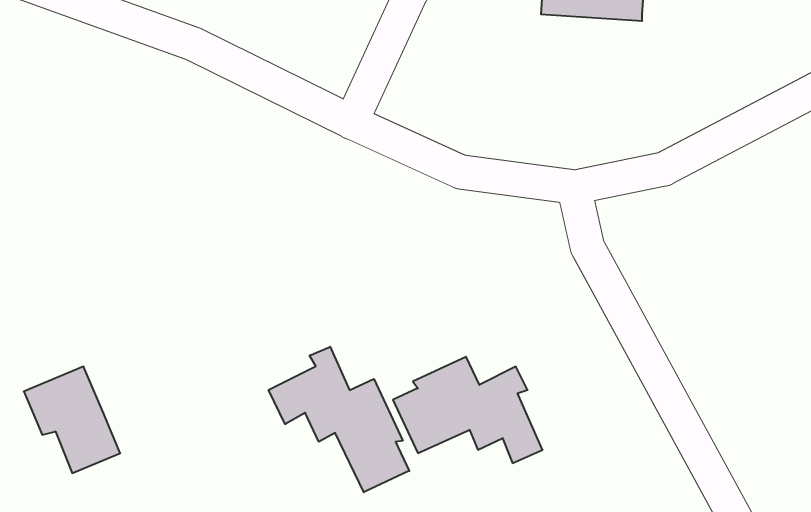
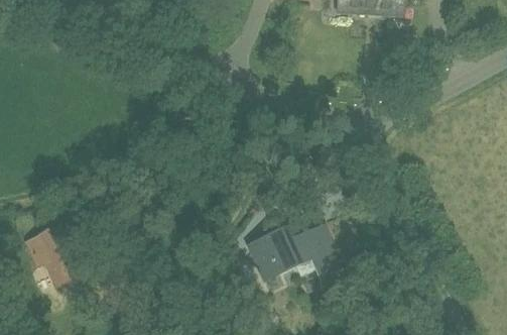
building: [269,347,409,492] -> none

